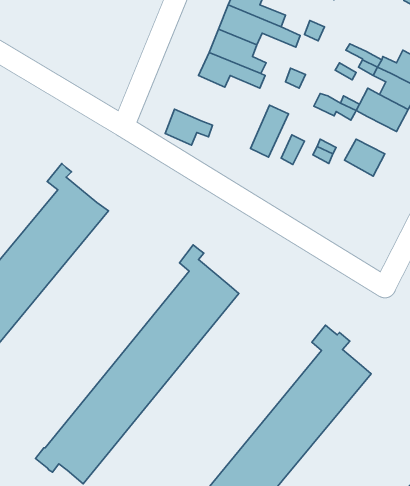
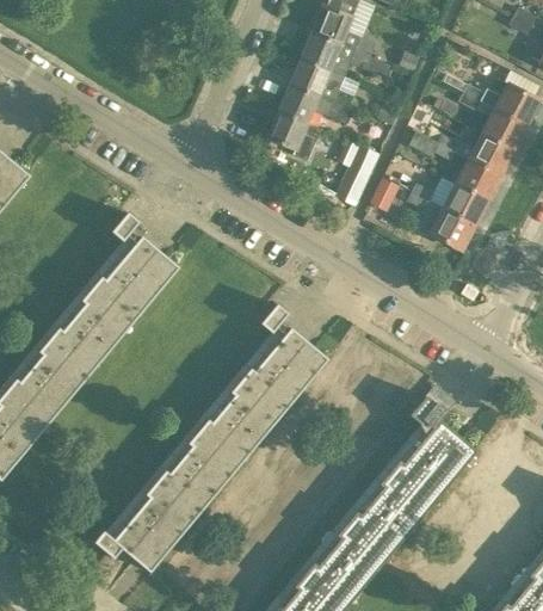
building: [165,109,213,145] -> [269,113,322,154]
building: none -> [457,160,502,202]
building: none -> [431,209,476,252]

